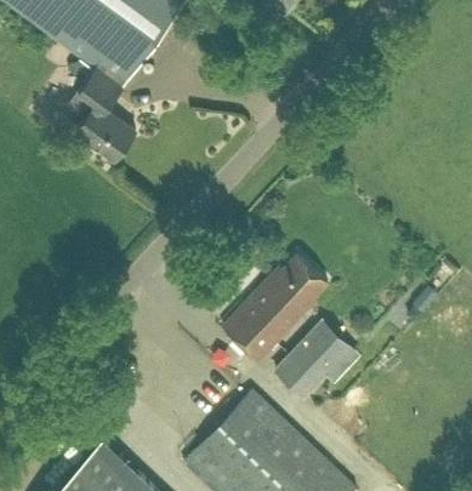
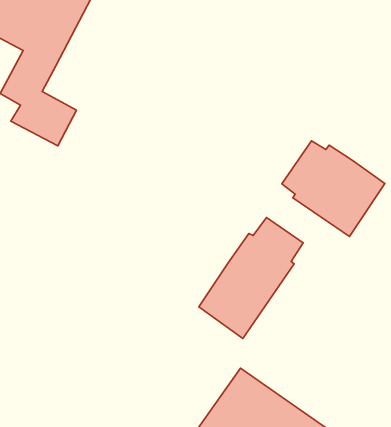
building: none -> [282,141,385,237]
building: [275,321,352,398] -> none

